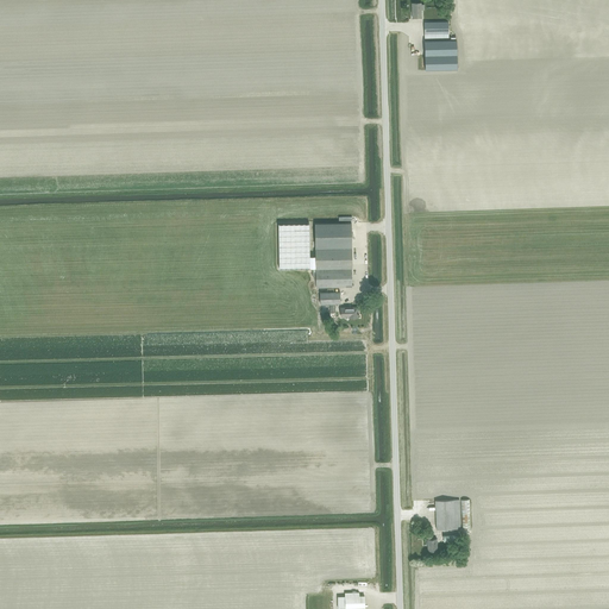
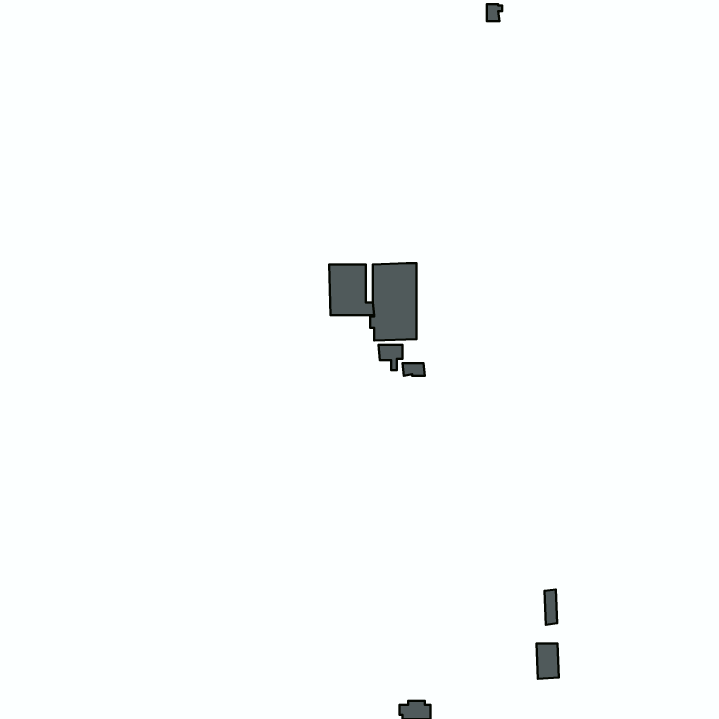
building: [425,21,457,70] -> none
building: [437,501,456,530] -> [536,644,559,679]

